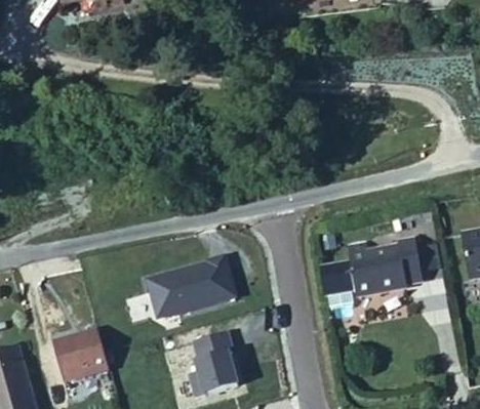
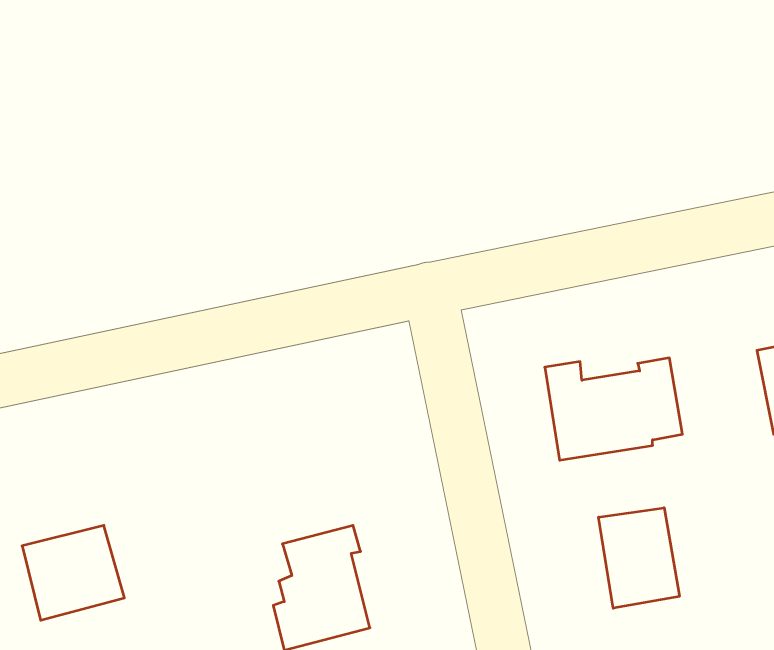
building: [149,251,240,318] -> none
building: none -> [599,508,679,608]

